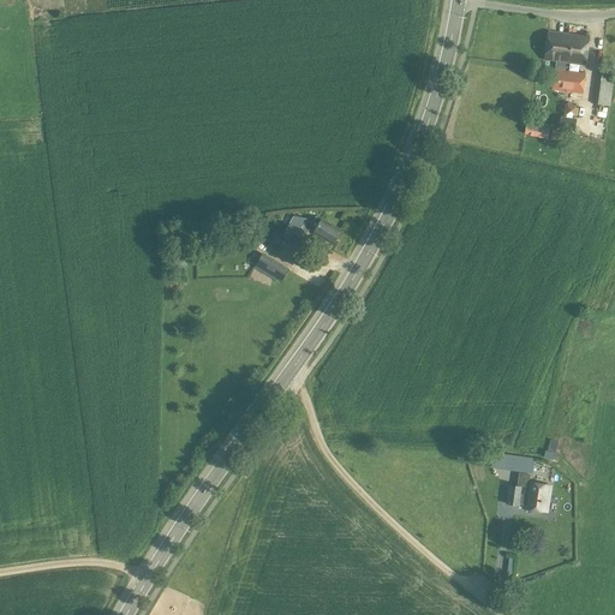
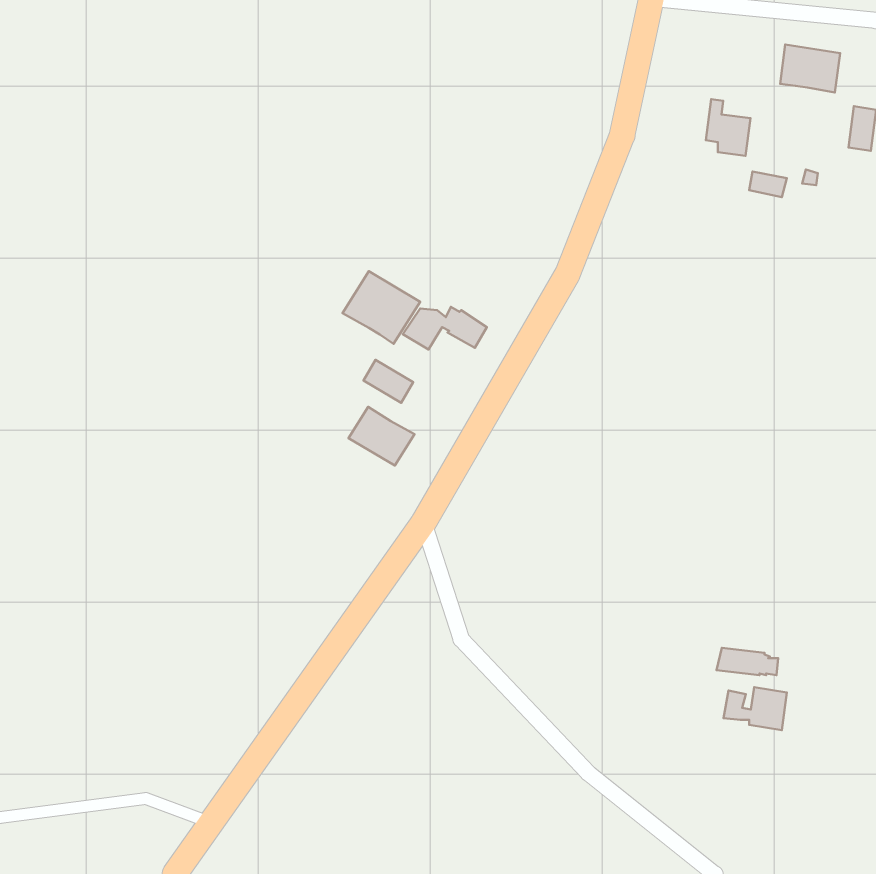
building: [554,60,585,100] -> [706,99,751,156]
building: none -> [342,271,420,344]
building: none -> [348,407,414,465]

